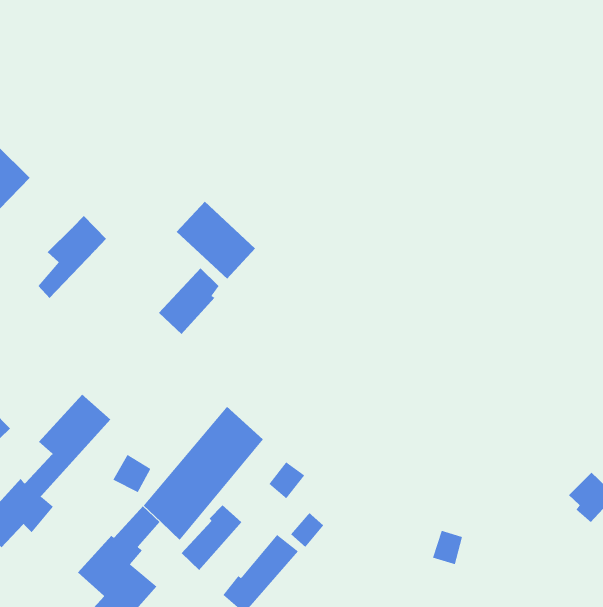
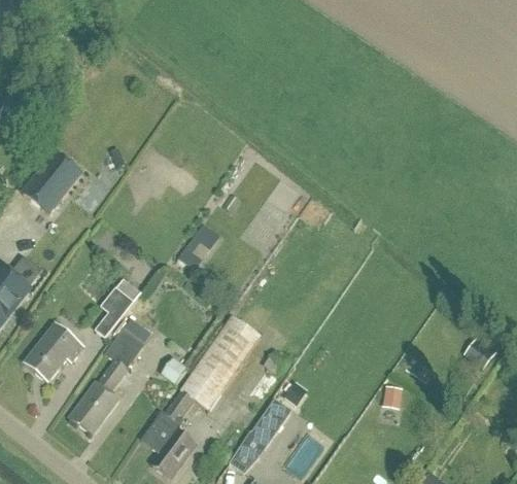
building: [176,201,256,280] -> none
building: [37,215,107,299] -> [96,278,140,338]
building: [181,504,242,571] -> none

